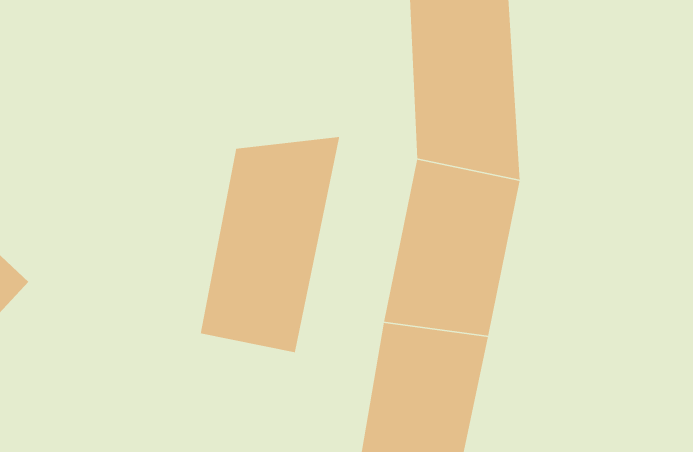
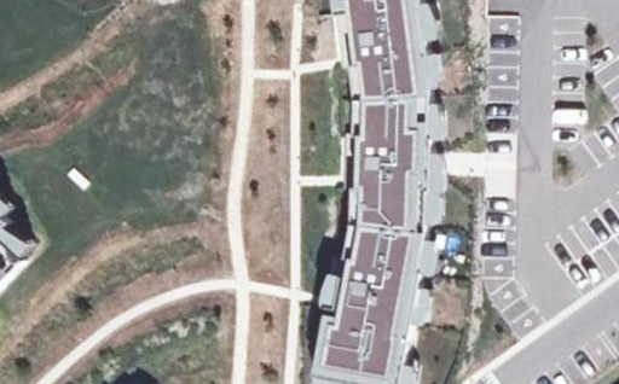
building: [200,136,340,353] -> none

